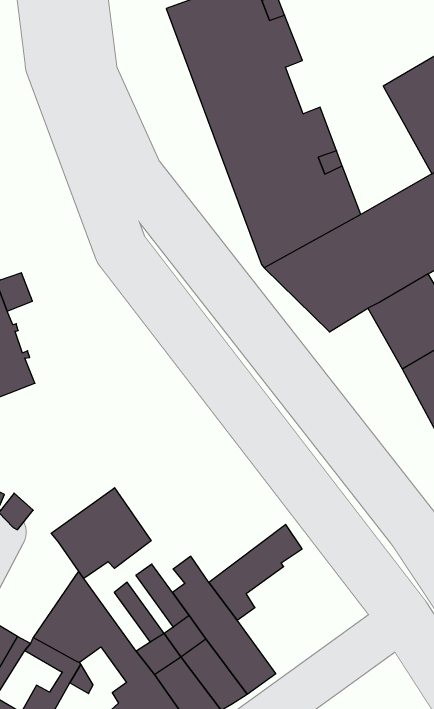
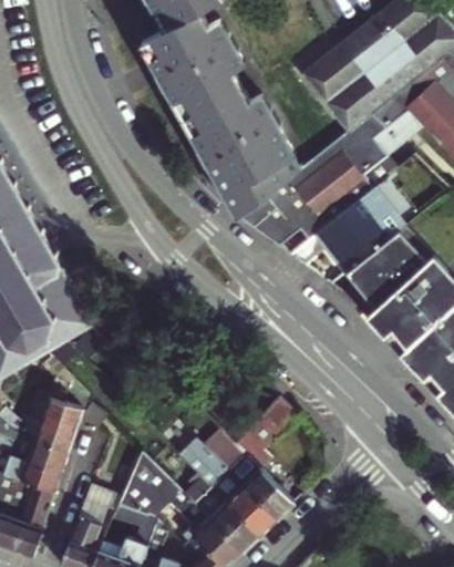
building: [51,488,151,579] -> none

